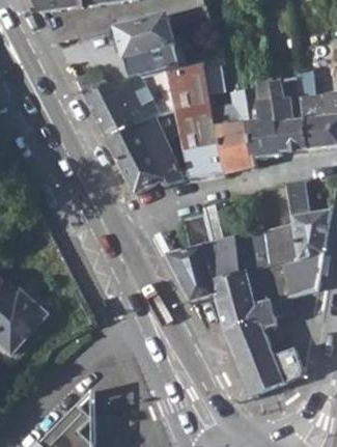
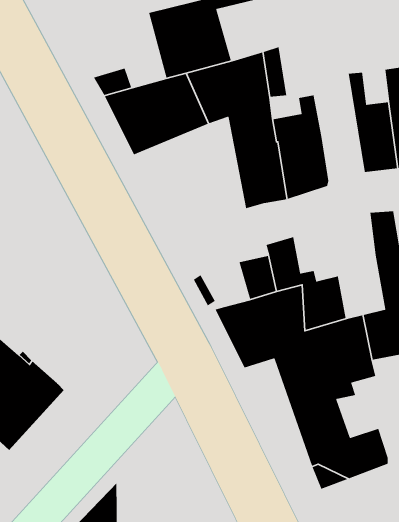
building: [249,74,281,157] -> none
building: [104,108,190,194] -> none
building: [261,214,297,262] -> none

